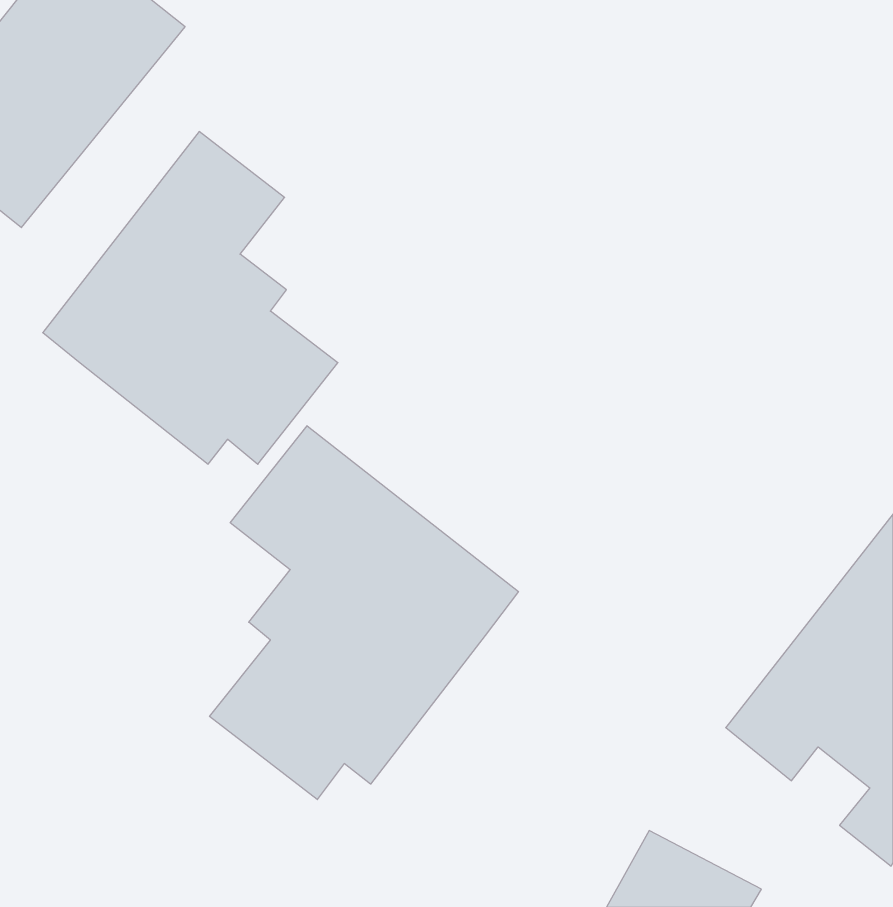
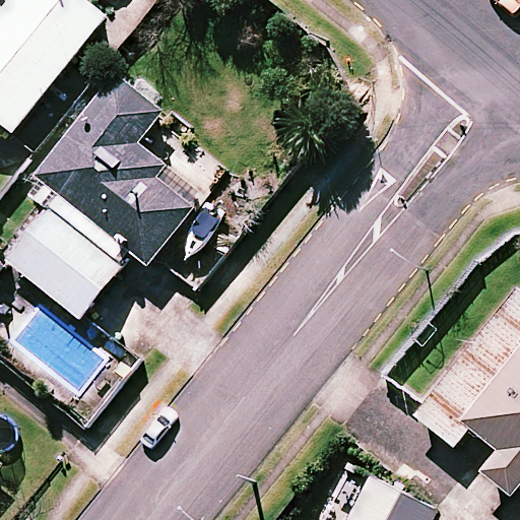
building: none -> [4,207,119,320]
building: [210,426,518,800] -> none

